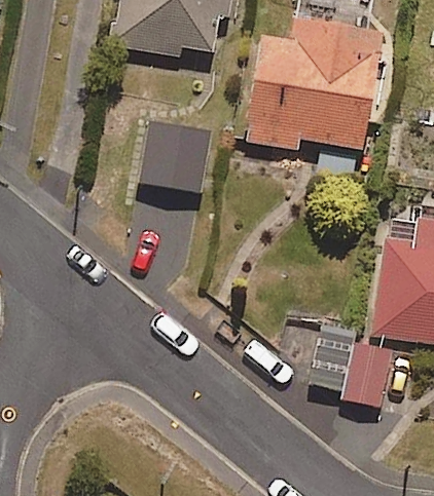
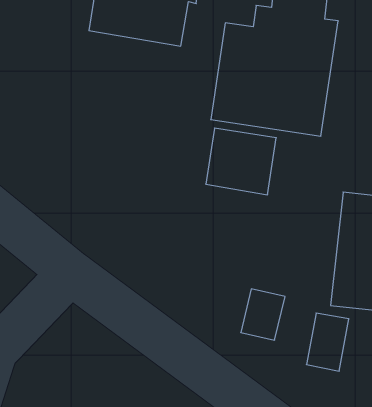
building: [138,121,213,192] -> [206,128,276,195]

